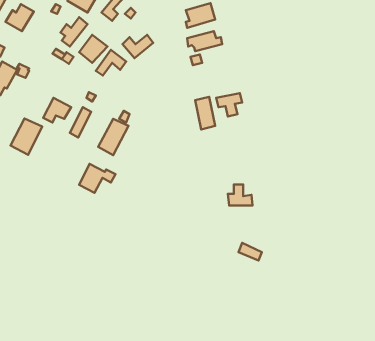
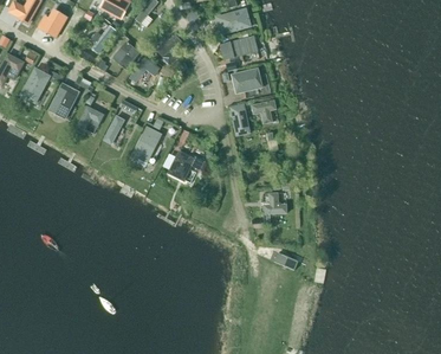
building: none -> [231,67,262,94]
building: [10,118,42,155] -> [47,83,79,120]
building: [79,164,115,193] -> [168,150,205,180]

